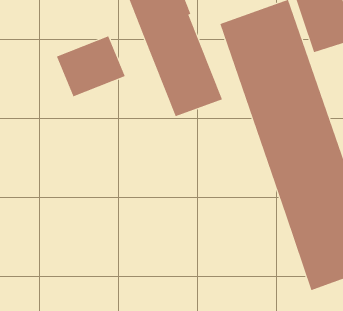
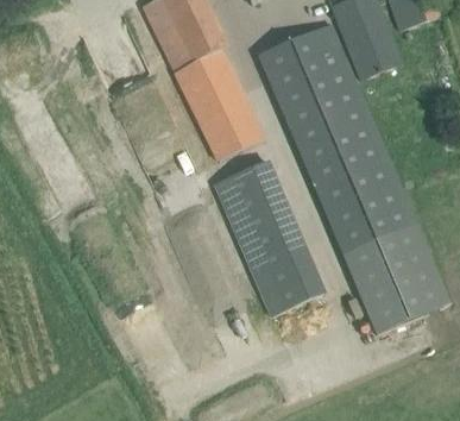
building: [56,36,125,97] -> none
building: none -> [213,158,327,318]

